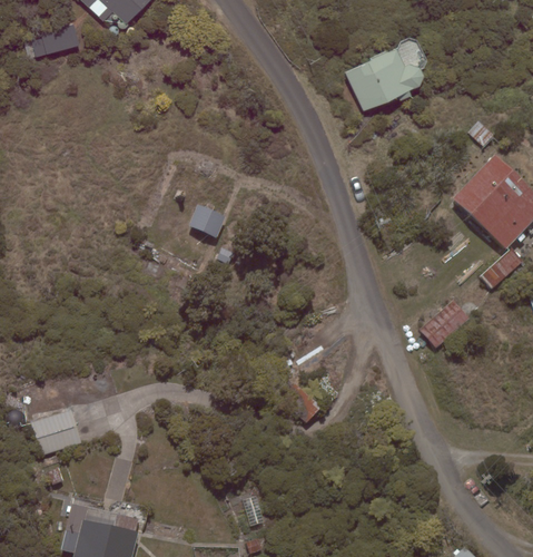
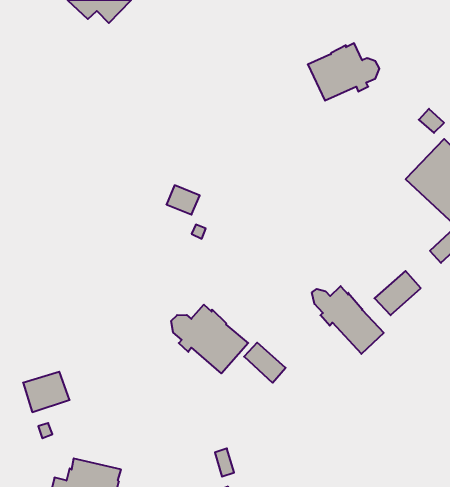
building: [24,25,79,59] -> none
building: none -> [312,286,384,354]
building: none -> [171,305,248,373]

